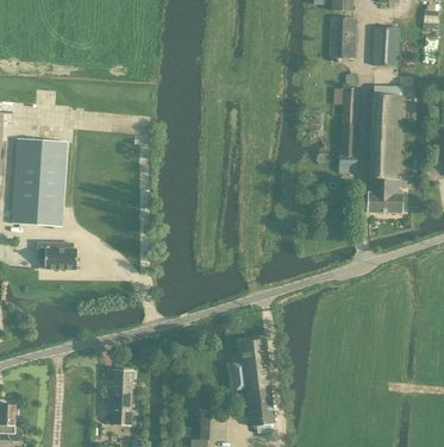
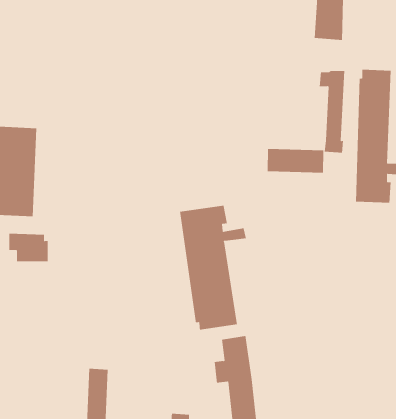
building: [371,25,396,64] -> none
building: none -> [267,148,324,174]
building: none -> [180,205,247,331]

